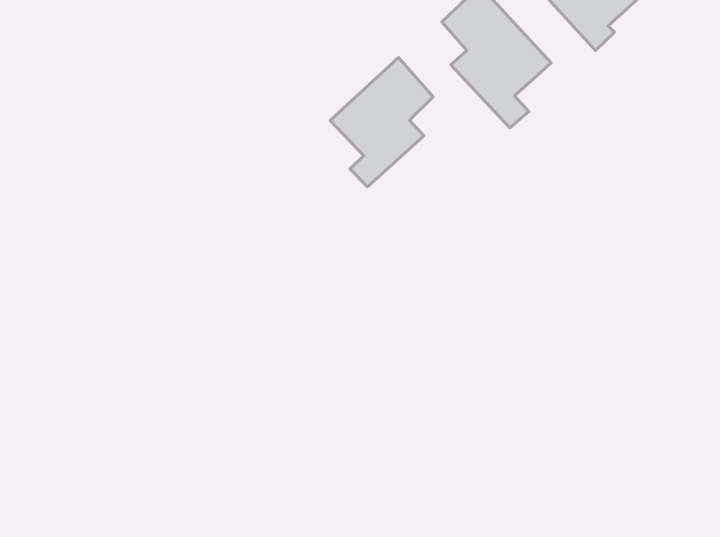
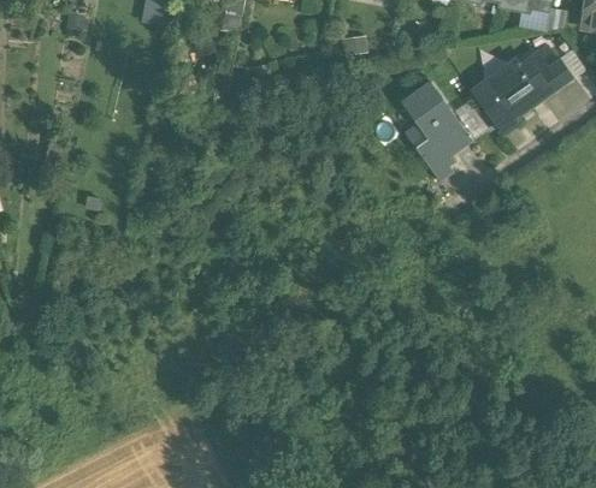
building: [330,58,433,187] -> none

